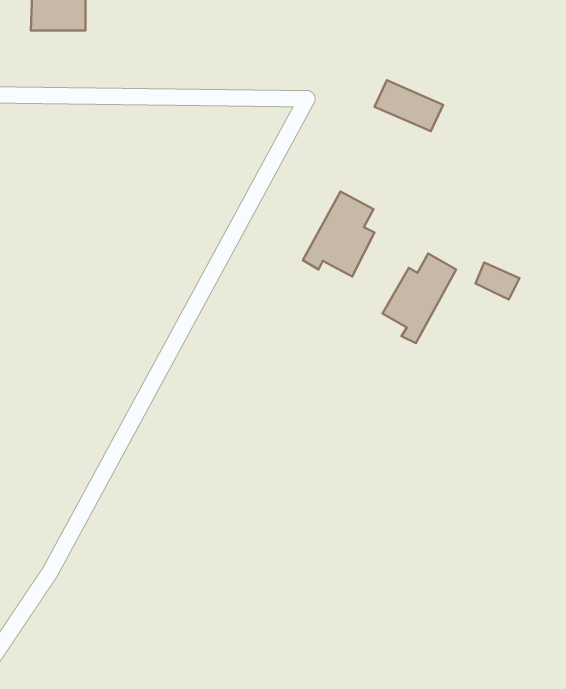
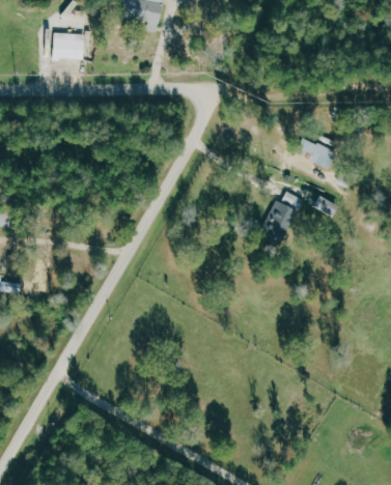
building: [374,80,443,131] -> [296,138,336,168]
building: [303,191,374,276] -> none

